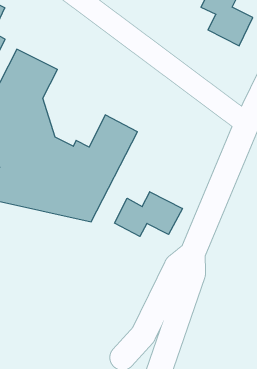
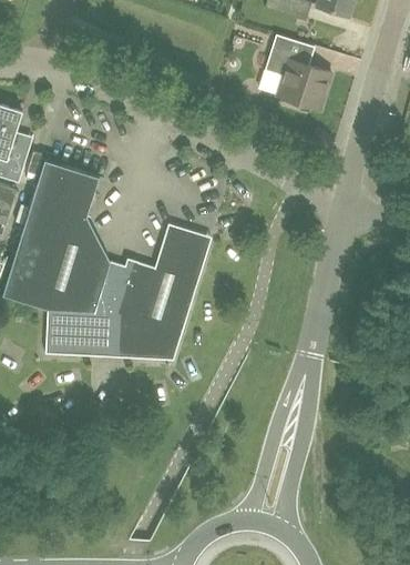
building: [115,192,182,236] -> none

